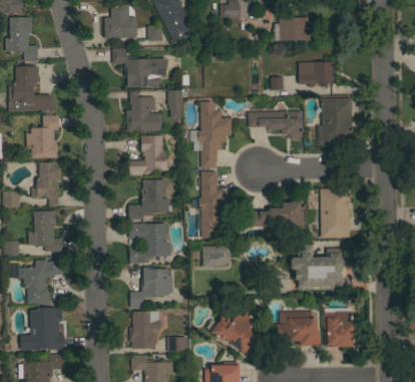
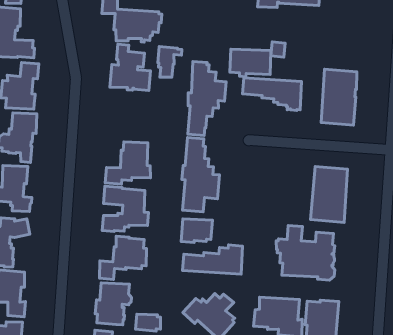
building: [299,60,337,86] -> [230,49,271,77]
building: [128,134,169,174] -> none
building: [251,199,305,226] -> [183,245,242,274]

